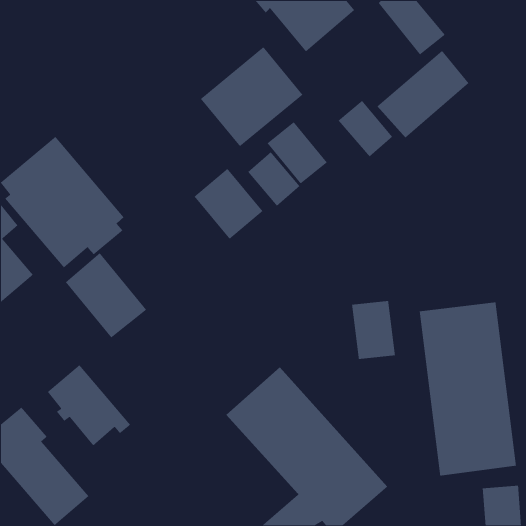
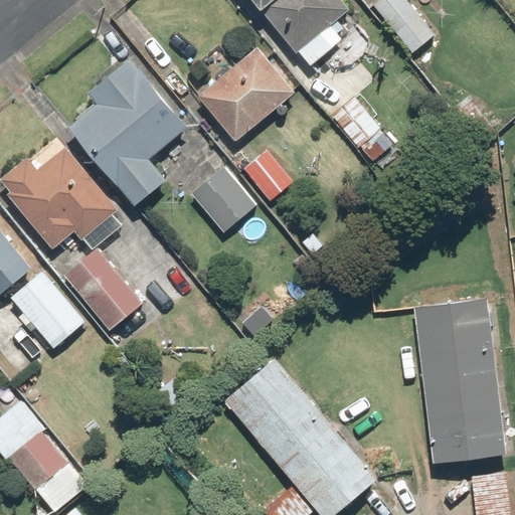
building: [377,50,470,138] -> none
building: none -> [64,55,188,208]
building: [266,121,328,185] -> none
building: [351,300,396,360] -> none
building: [47,364,131,447] -> [8,270,91,350]

